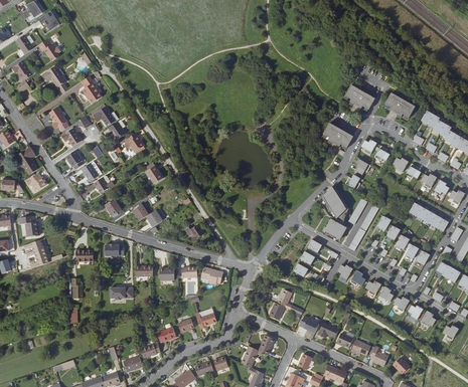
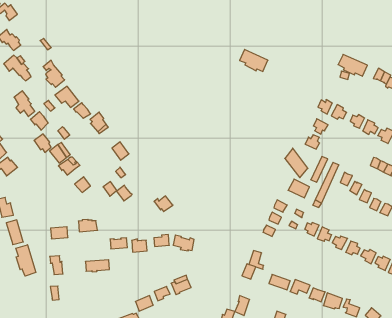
building: [345,84,375,109] -> none
building: [324,123,353,147] -> [240,49,268,71]
building: none -> [16,245,36,276]

